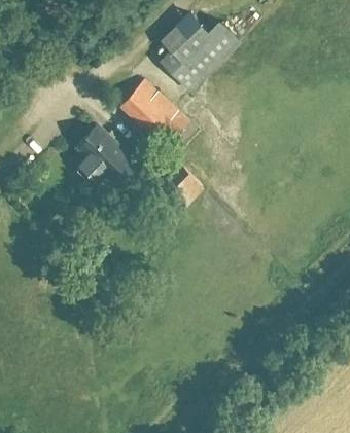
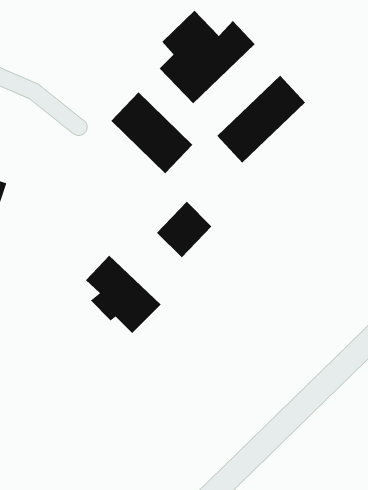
building: none -> [216,75,306,164]
building: [74,122,136,186] -> [85,255,161,334]

